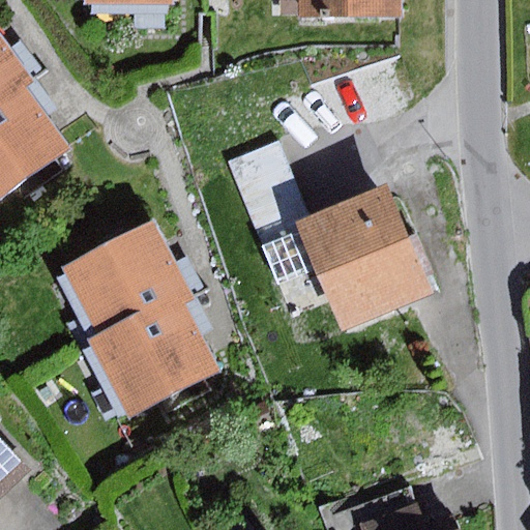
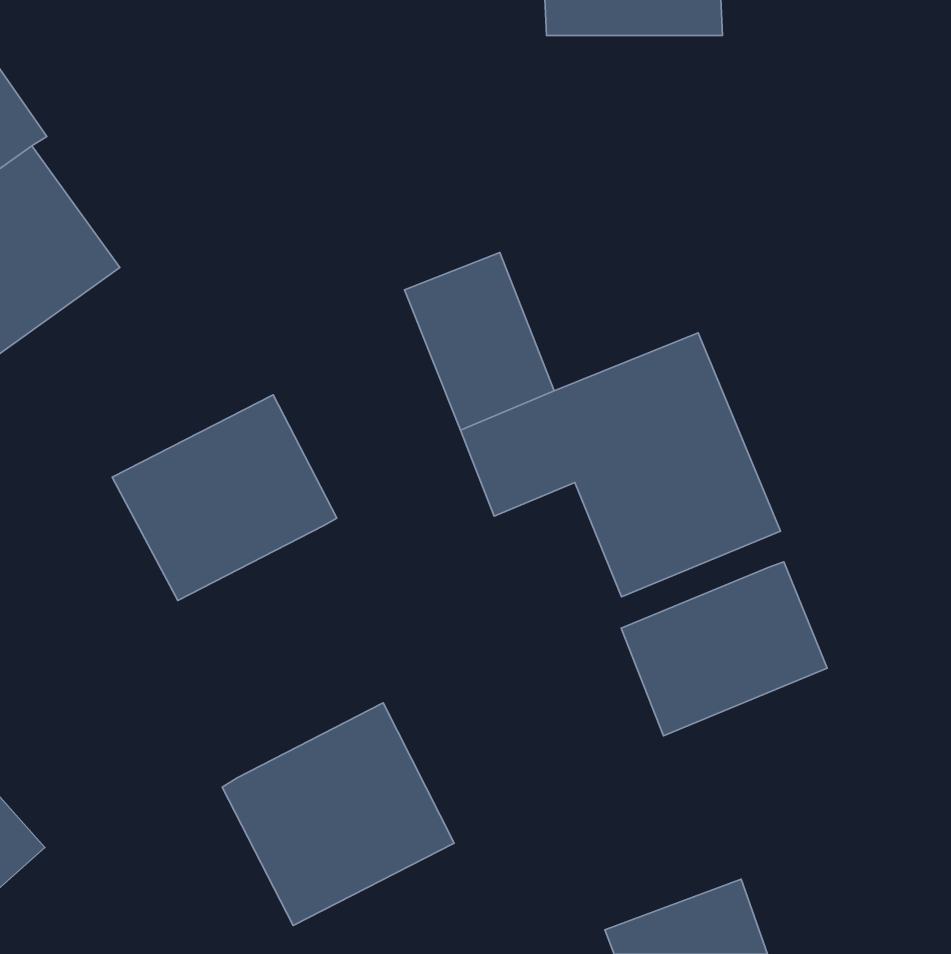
building: [90,291,218,414] -> [222,703,454,926]
building: none -> [621,562,827,736]

